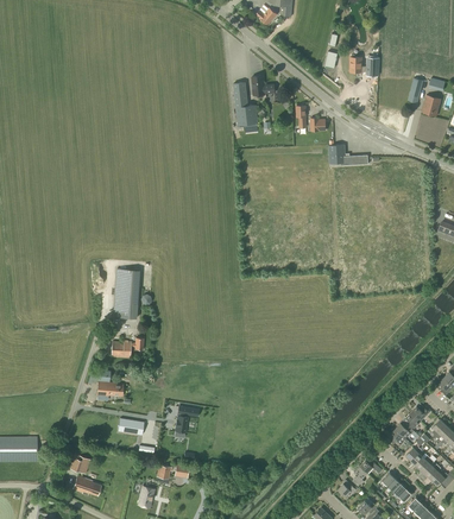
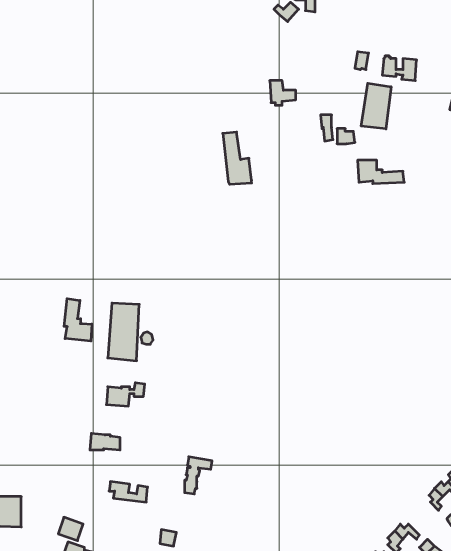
building: none -> [361,83,391,129]
building: [233,82,258,127] -> [223,132,252,184]
building: none -> [64,299,92,341]

